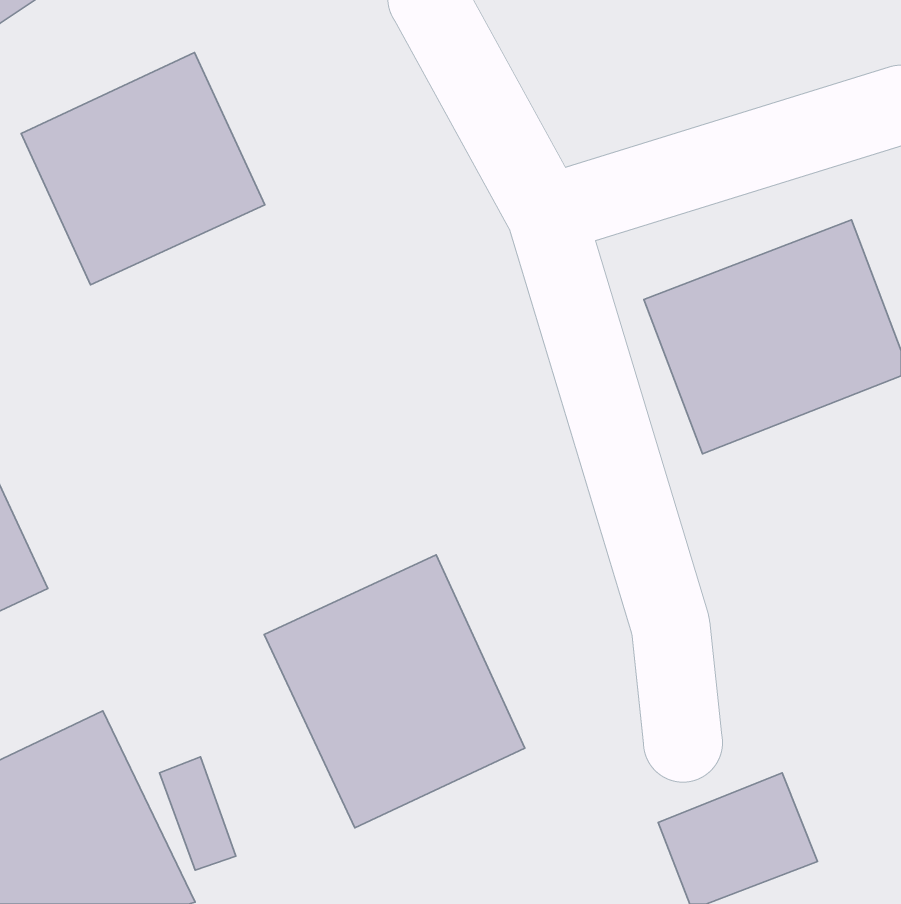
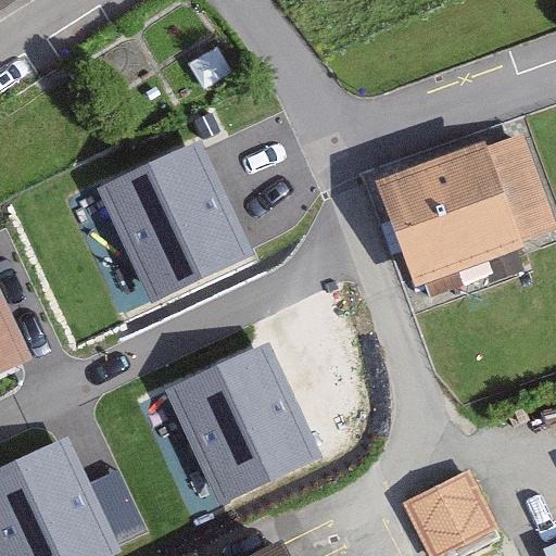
building: [21,52,265,285] -> none
building: none -> [94,140,252,304]

